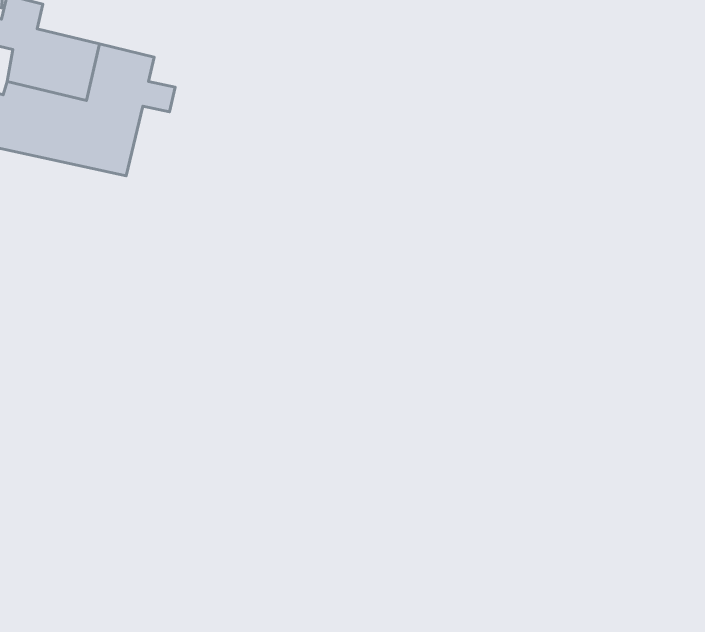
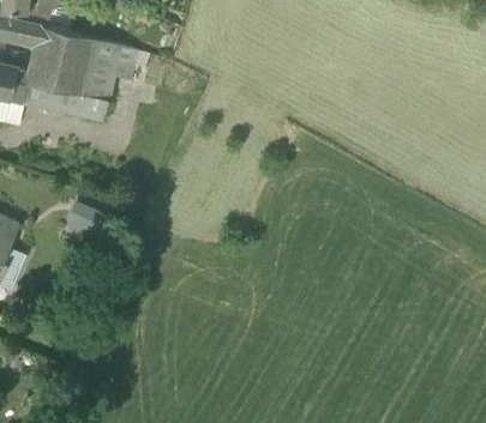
building: none -> [72,205,113,237]

